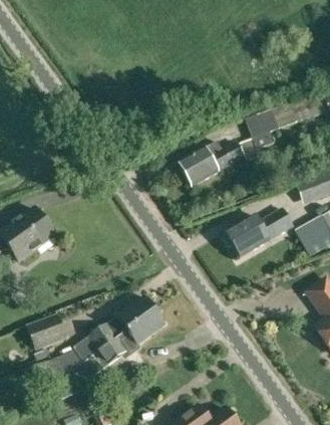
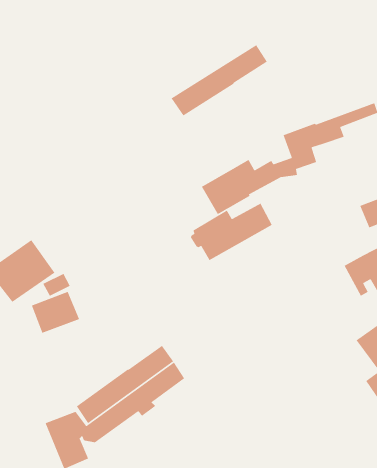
building: none -> [171,44,268,117]
building: [224,208,293,257] -> [190,202,273,261]
building: [27,313,68,350] -> [31,291,80,334]

